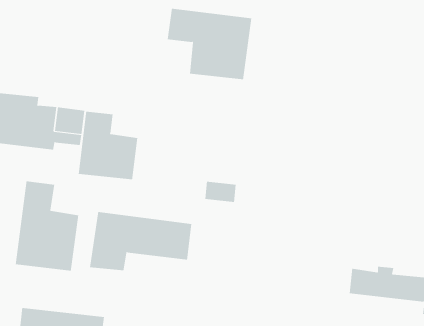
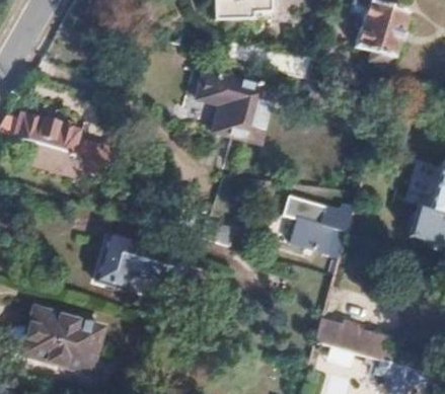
building: [78,111,138,180] -> none
building: none -> [284,198,353,262]
building: [15,181,79,271] -> none

